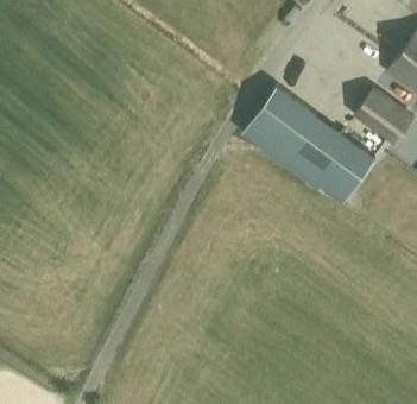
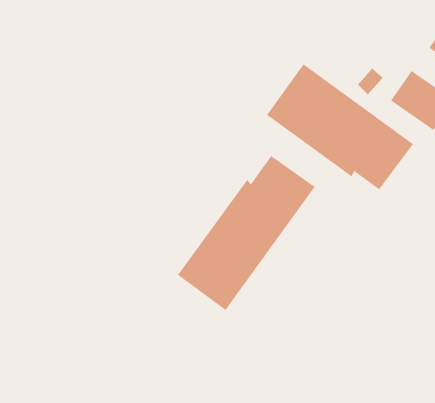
building: none -> [177,155,316,311]

